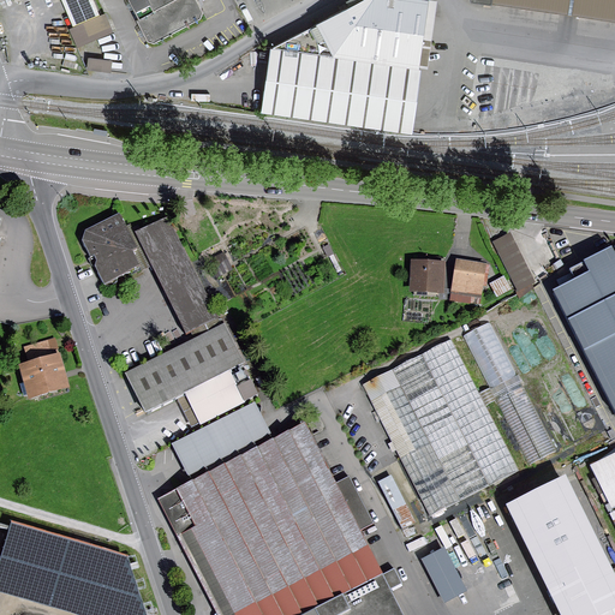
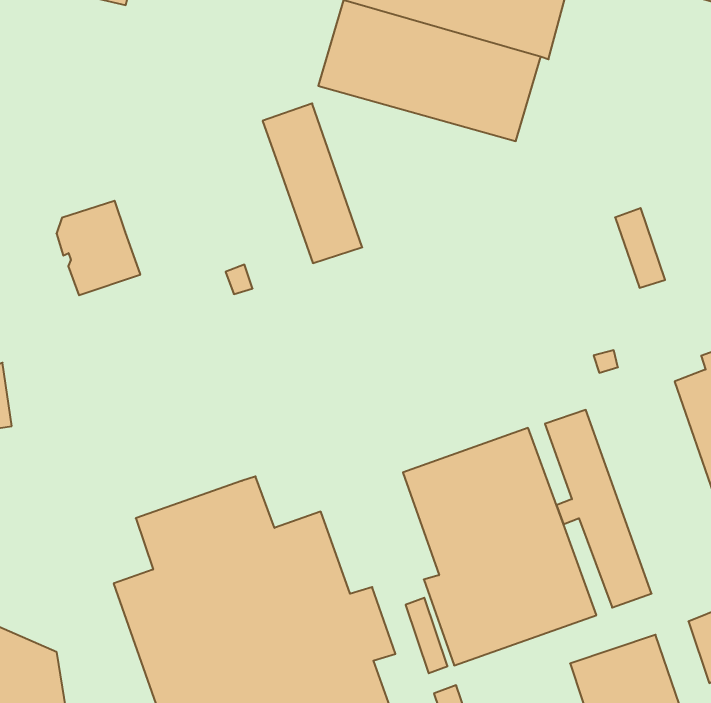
building: [133,217,220,335] -> [263,103,362,263]
building: [492,232,536,291] -> [615,208,665,288]
building: [408,255,444,297] -> none
building: [449,259,490,304] -> none
building: [124,324,246,430] -> none

